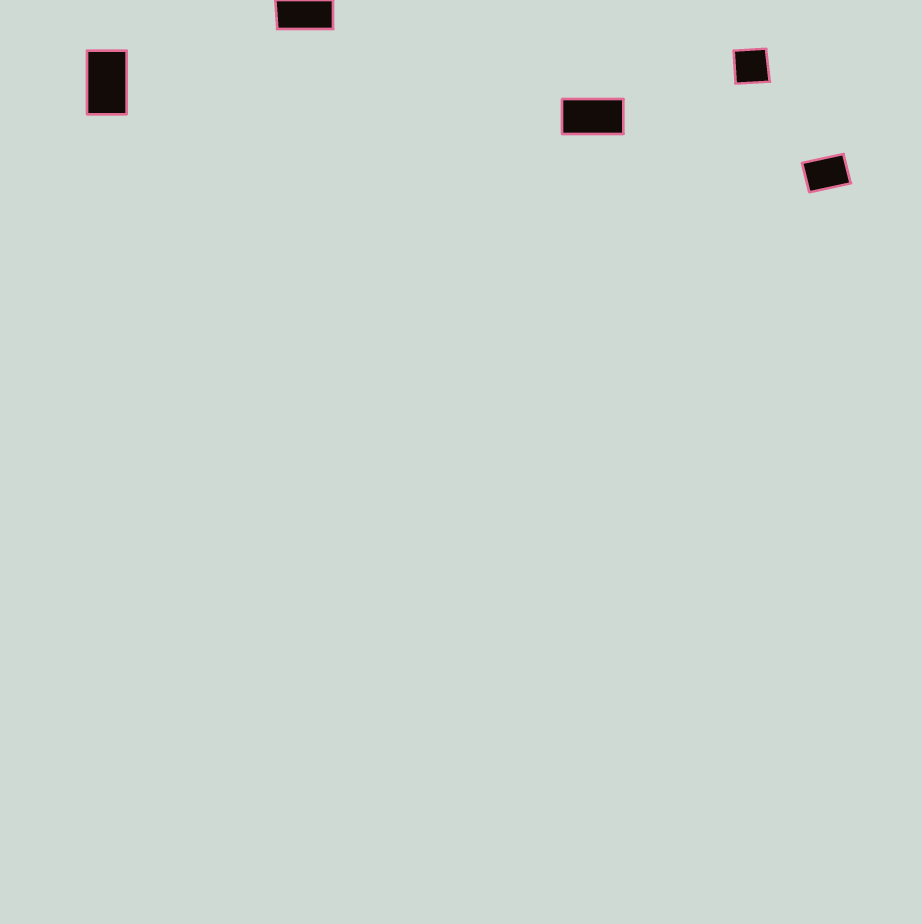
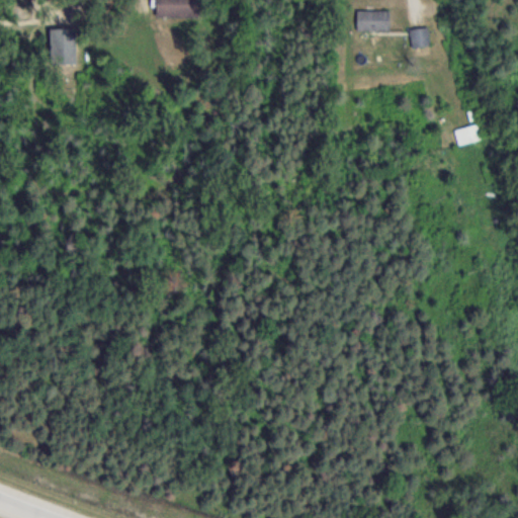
building: [562,99,624,134] -> [357,11,392,30]
building: [802,154,851,192] -> [456,125,484,147]

